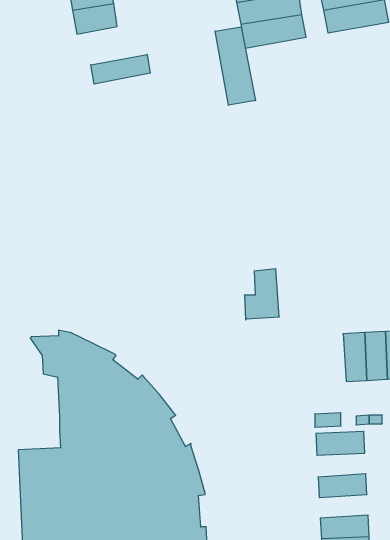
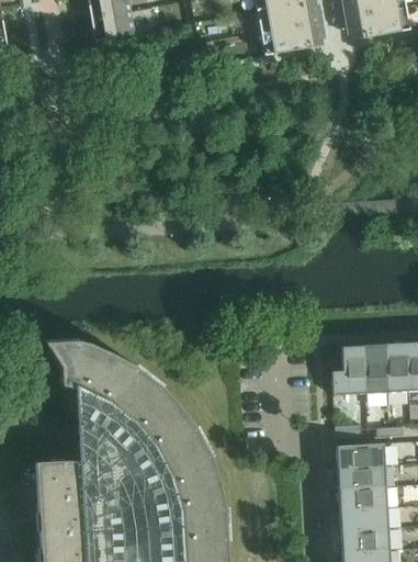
building: [215,27,256,105] -> none
building: [91,54,150,84] -> none
building: [244,269,279,320] -> [332,345,368,396]
building: none -> [338,465,387,490]
building: none -> [340,507,389,531]

